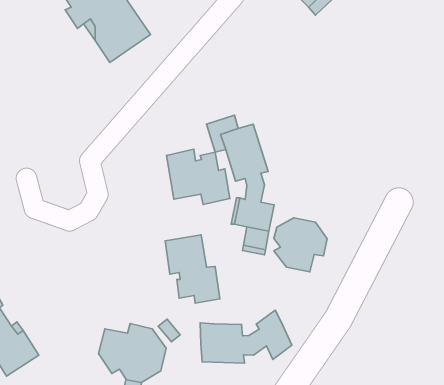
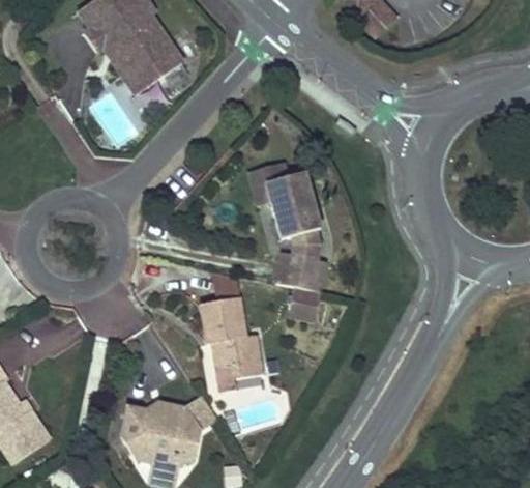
building: [166,149,230,205] -> none
building: [274,218,327,272] -> none
building: [200,310,292,363] -> none

